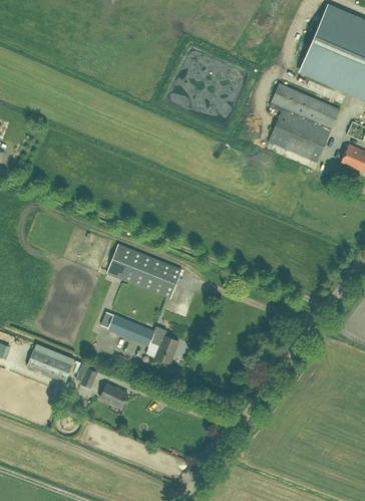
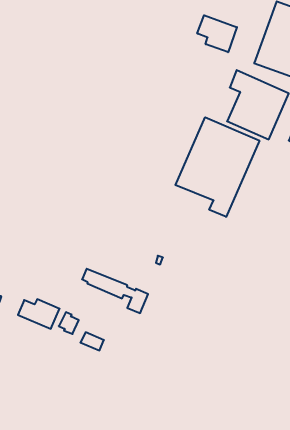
building: none -> [197,15,237,52]
building: none -> [175,117,259,217]
building: [105,244,180,298] -> none

